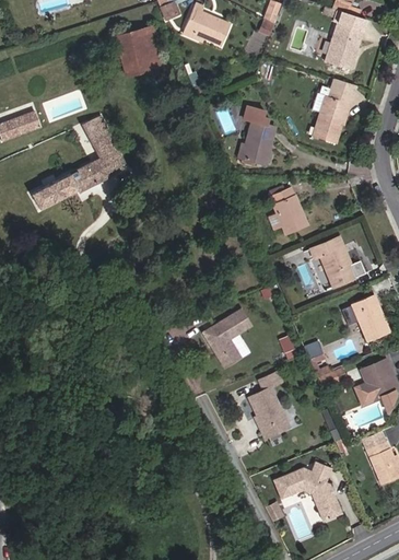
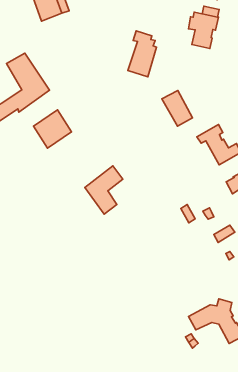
building: none -> [34,110,72,148]
building: [204,306,255,368] -> [85,166,123,214]
building: [251,370,292,436] -> none

